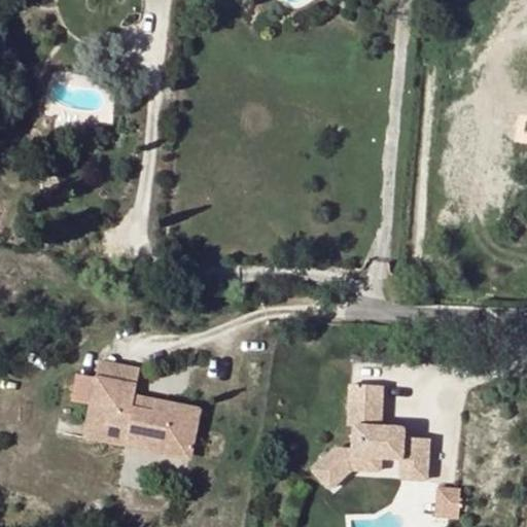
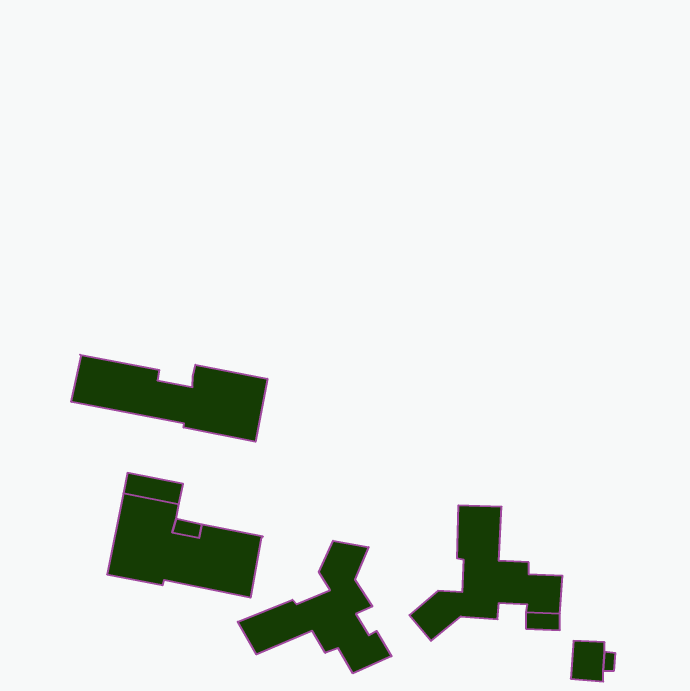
building: none -> [71,355,267,442]
building: none -> [238,541,392,673]

